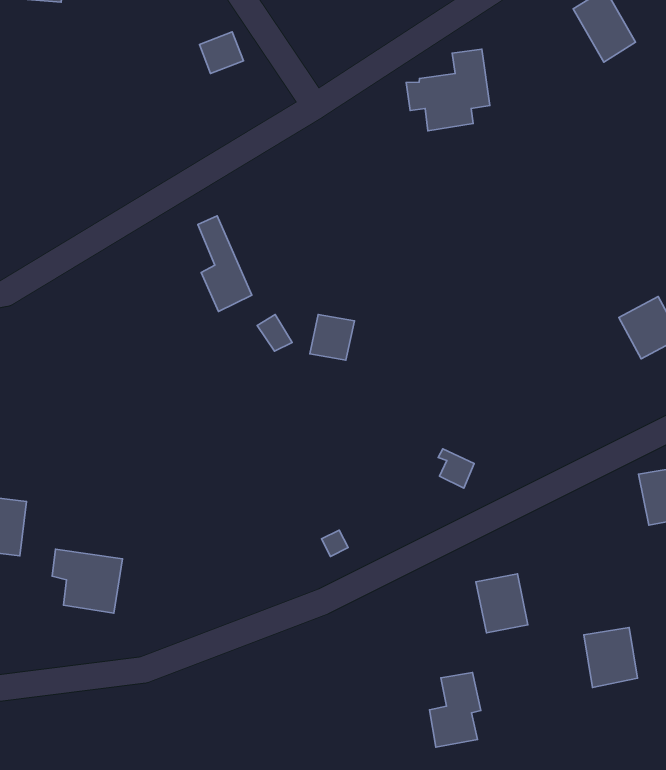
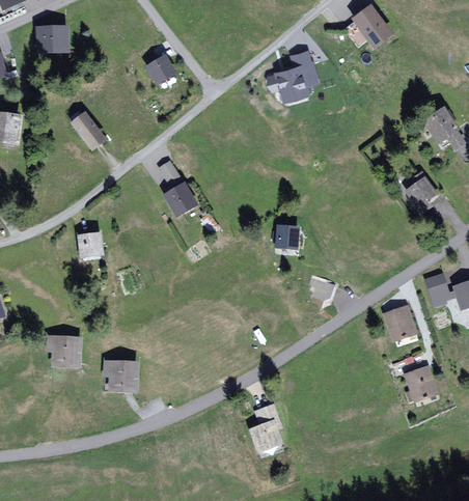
building: none -> [71,113,105,150]
building: [310,315,354,360] -> [274,224,297,248]
building: none -> [76,233,104,257]
building: [476,574,528,633] -> [384,305,416,340]
building: [429,673,481,747] -> [250,405,279,449]

